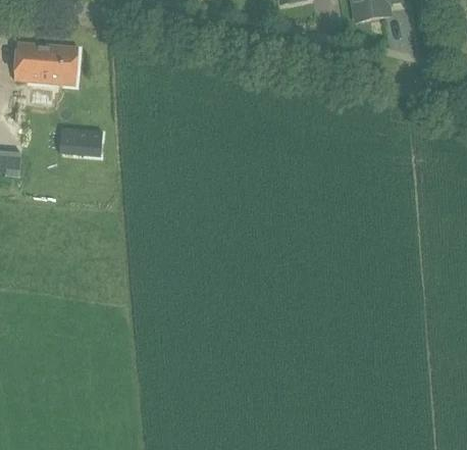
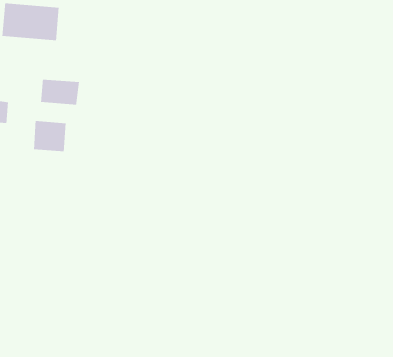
building: none -> [33,120,67,152]

